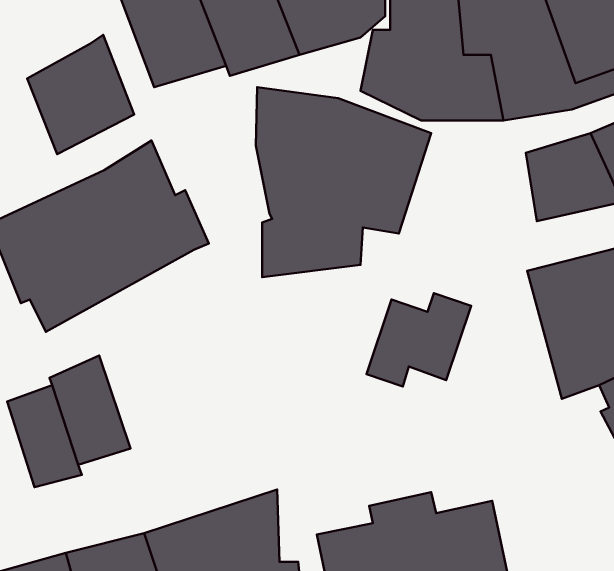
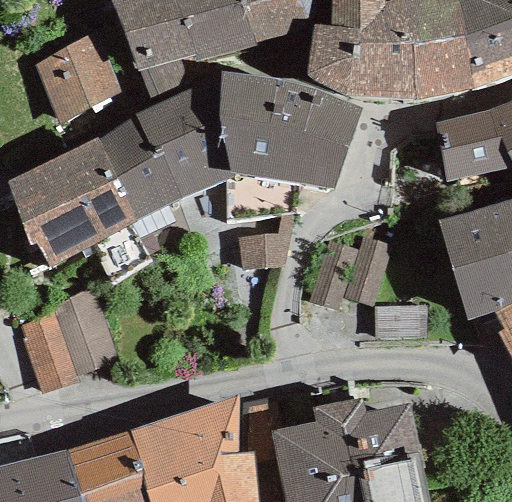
building: none -> [136,72,233,198]

